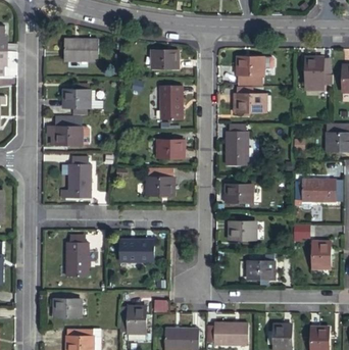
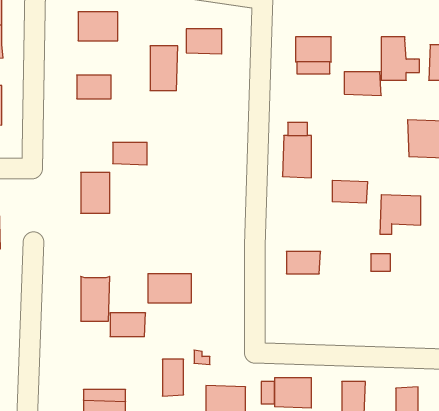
building: [160,85,182,119] -> [150,46,178,91]
building: [233,95,261,113] -> [344,72,381,95]
building: [56,123,83,141] -> [113,142,147,165]
building: [156,138,183,156] -> none
building: [146,176,171,194] -> none
building: [223,185,251,202] -> [332,180,368,203]
building: [307,243,328,270] -> none
building: [245,260,273,284] -> none
building: [56,301,84,319] -> [110,313,146,337]

